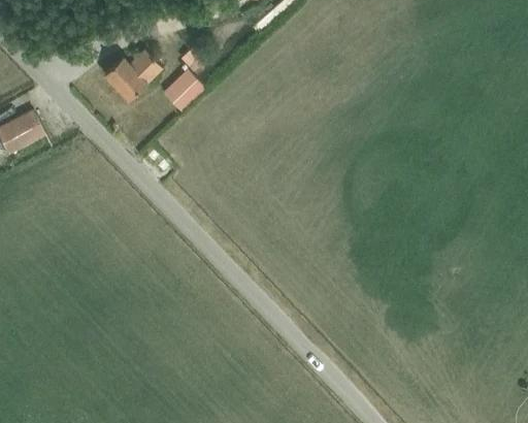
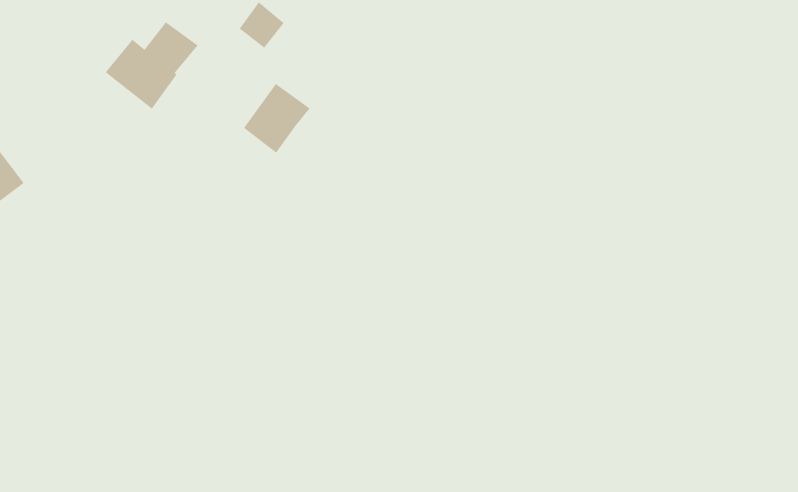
building: [163,69,205,111] -> [243,83,310,153]

